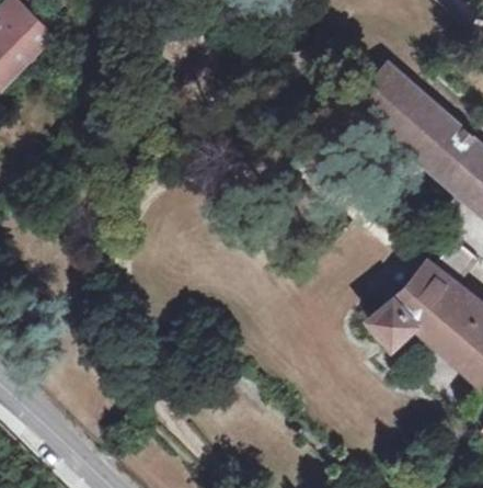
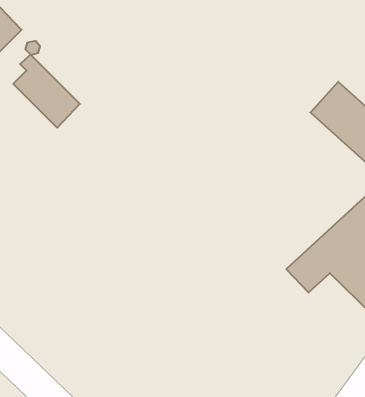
building: [357,64,427,134] -> none
building: none -> [13,55,80,128]

